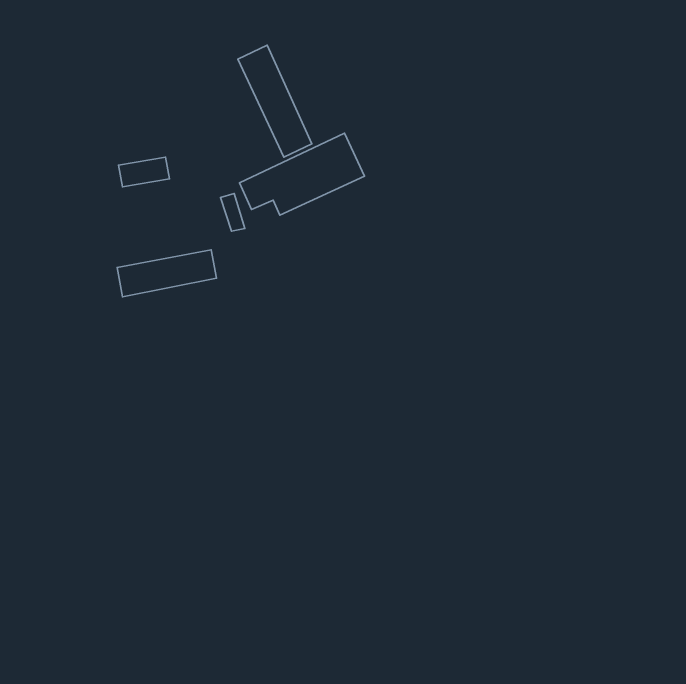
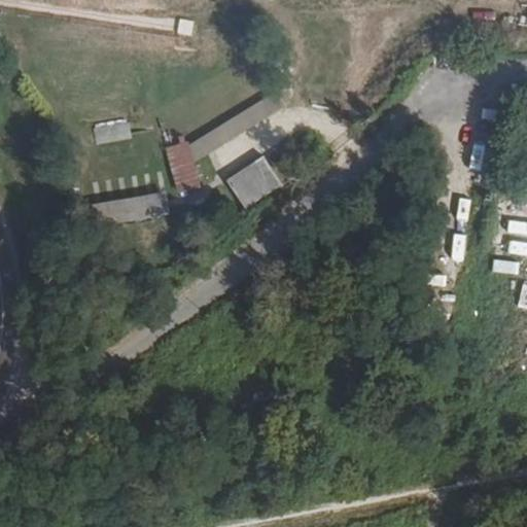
building: [238,45,312,157] -> none
building: none -> [226,155,282,207]

